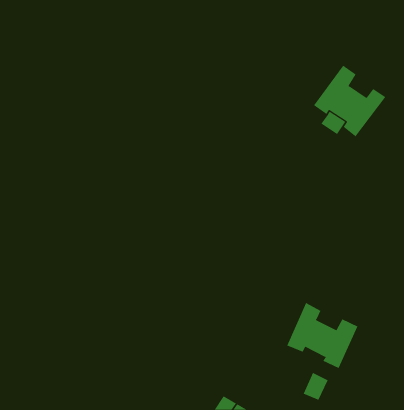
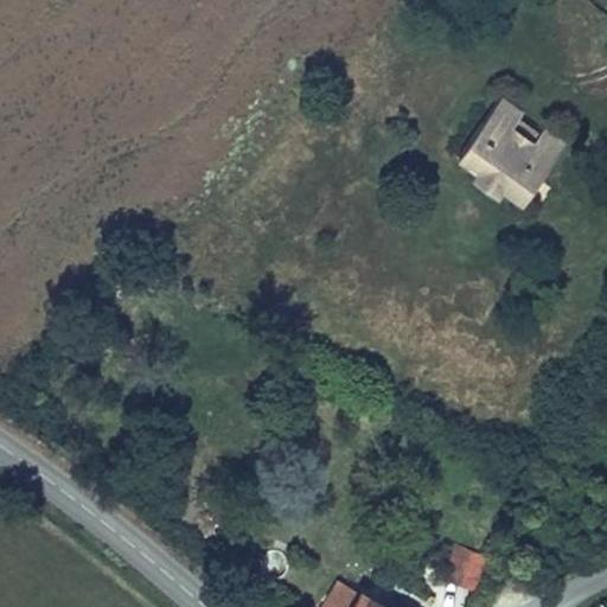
building: [287,302,358,369] -> none

